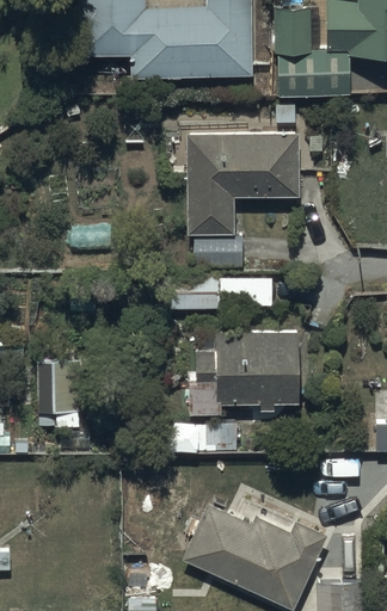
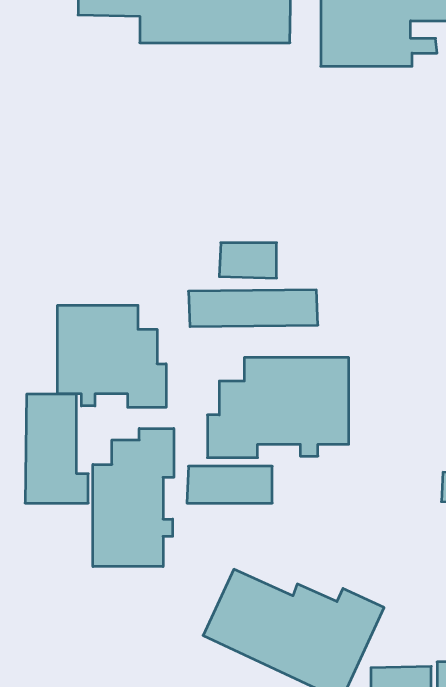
building: [190,132,301,234] -> none
building: none -> [58,305,166,407]
building: none -> [93,428,174,567]

